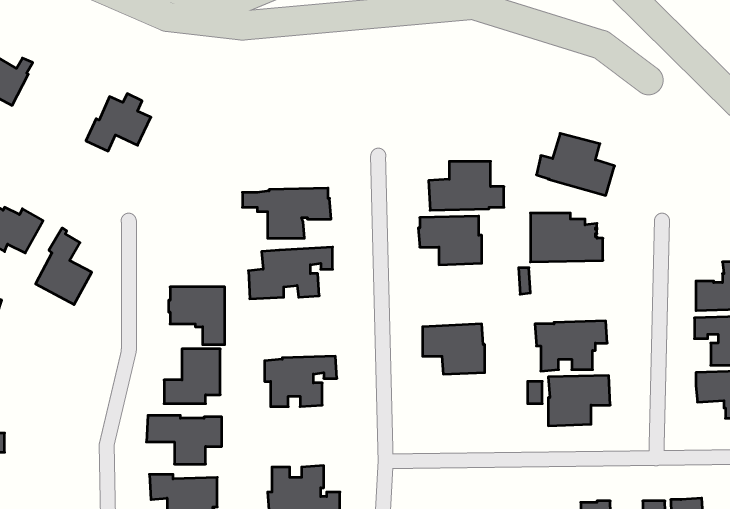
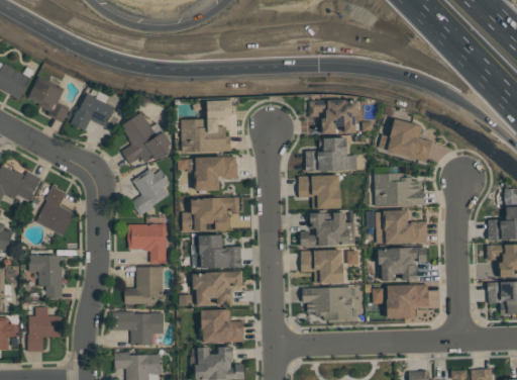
building: none -> [28,76,70,123]
building: none -> [309,100,359,134]
building: none -> [182,101,232,153]
building: none -> [121,112,172,164]
building: none -> [131,169,170,216]
building: none -> [376,210,427,245]
building: none -> [301,213,354,247]
building: none -> [199,235,241,269]
building: none -> [29,255,63,299]
building: none -> [302,288,352,320]
building: none -> [28,307,61,353]
building: none -> [201,310,244,344]

